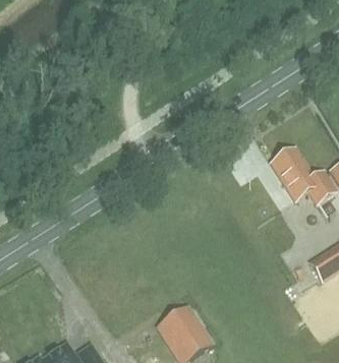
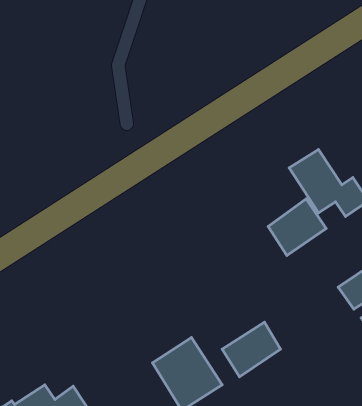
building: none -> [268,199,326,255]
building: none -> [222,322,281,377]

